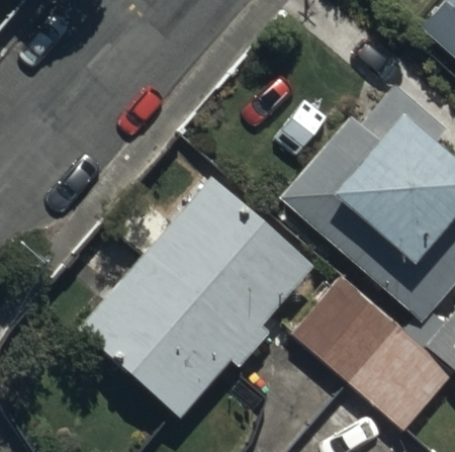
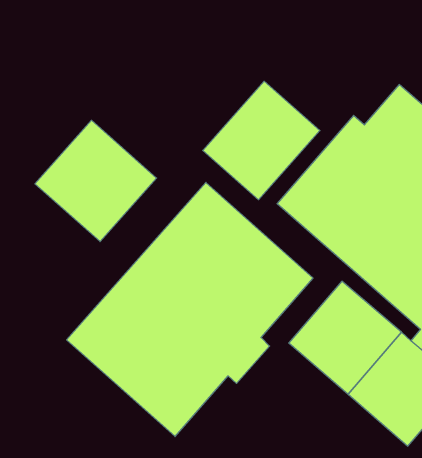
building: none -> [203,81,320,200]
building: none -> [35,120,157,242]

